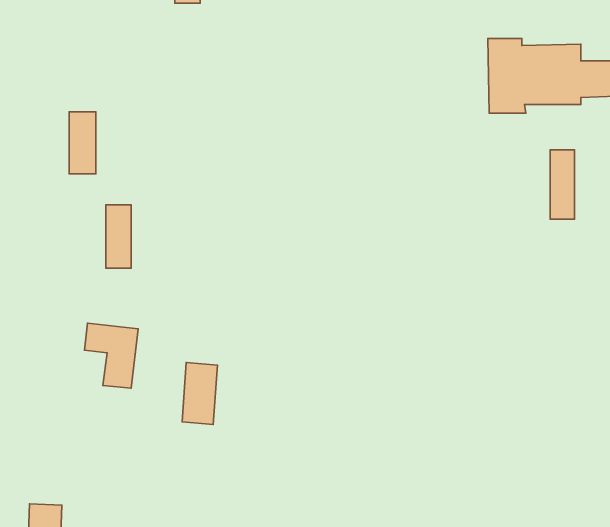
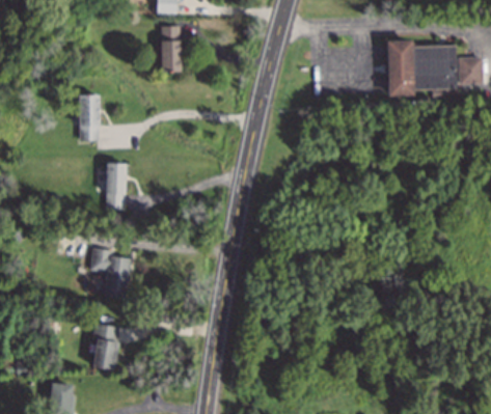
building: none -> [161,26,181,73]
building: [550,150,574,219] -> none
building: [182,362,217,424] -> [93,324,119,369]

